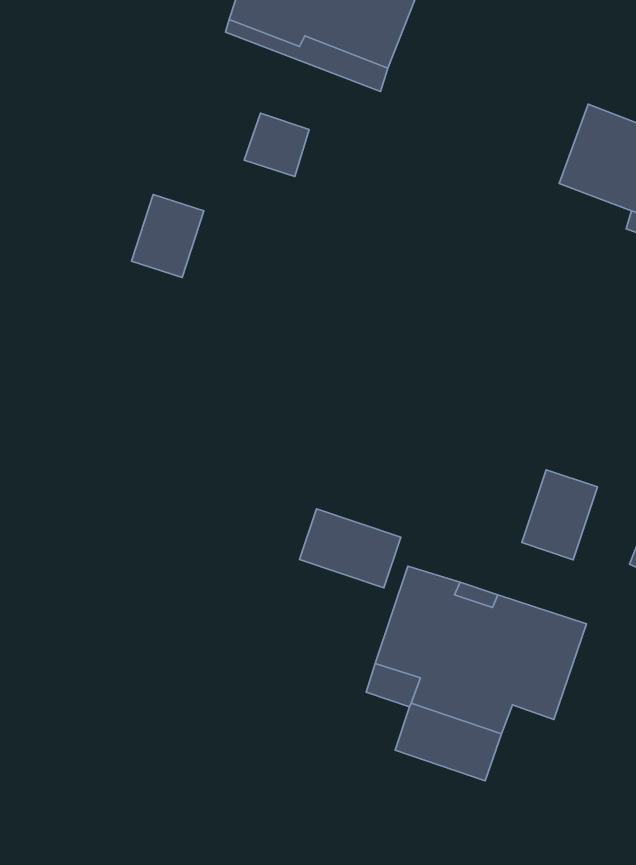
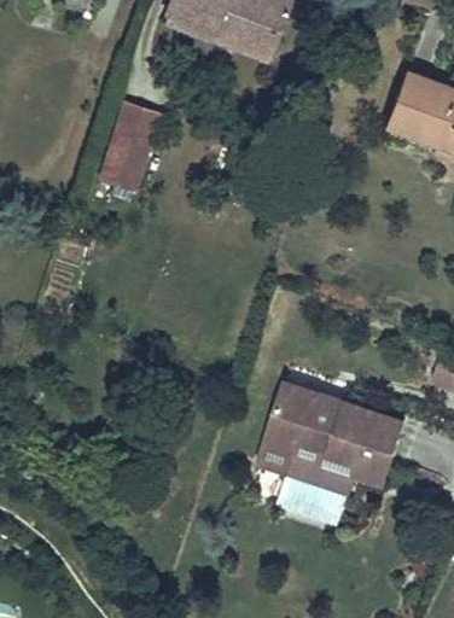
building: [244,113,309,176] -> [116,100,159,142]
building: [522,470,598,560] -> none
building: [299,509,401,588] -> none

